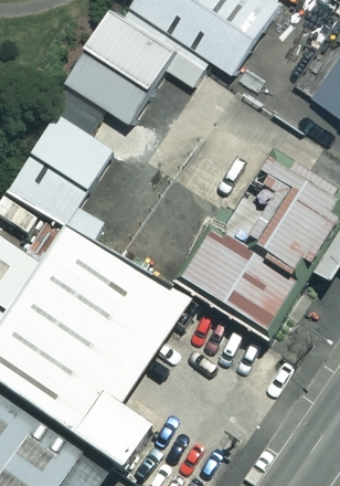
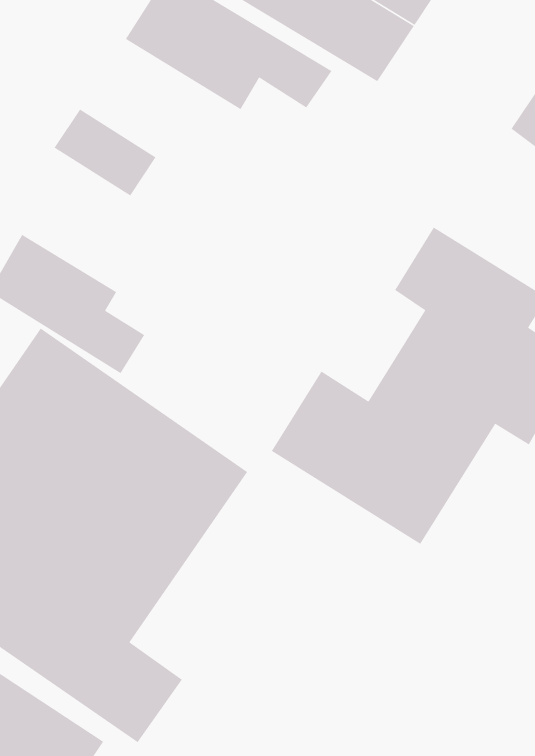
building: [72,46,160,122] -> none
building: [35,114,117,189] -> none

